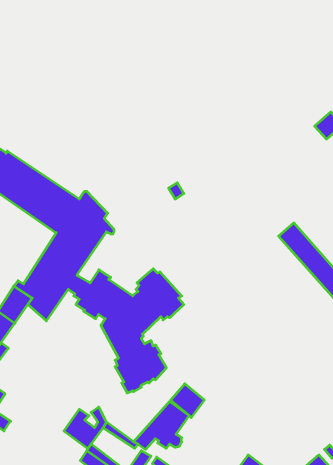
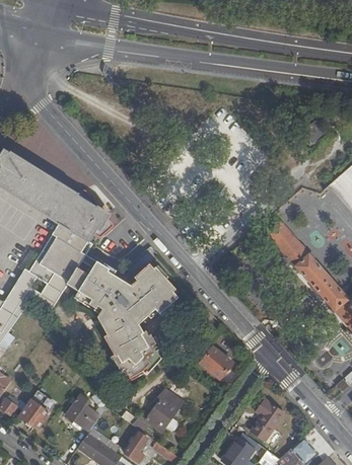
building: [171,384,204,418] -> [201,346,232,378]
building: none -> [17,398,49,429]
building: none -> [251,399,283,440]

